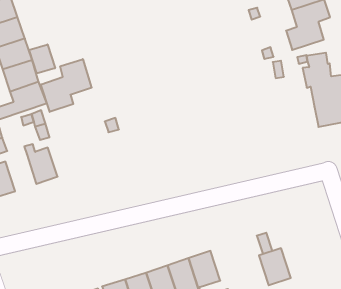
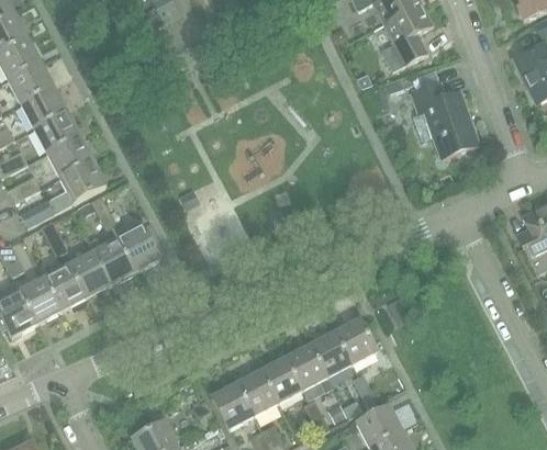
building: [29,44,55,74] -> none
building: [41,59,92,112] -> none
building: none -> [118,223,161,270]
building: none -> [69,249,111,296]
building: [259,248,291,285] -> [335,316,378,363]

